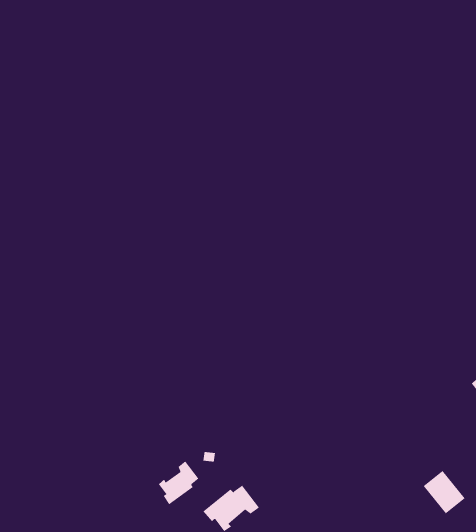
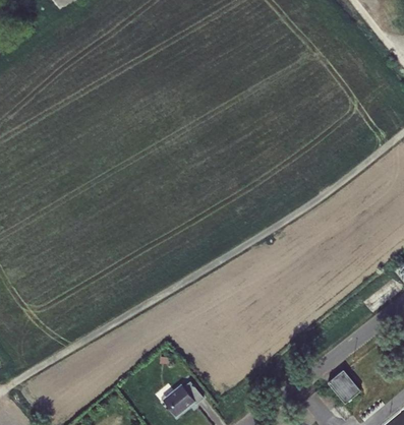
building: [158,461,199,505] -> none

